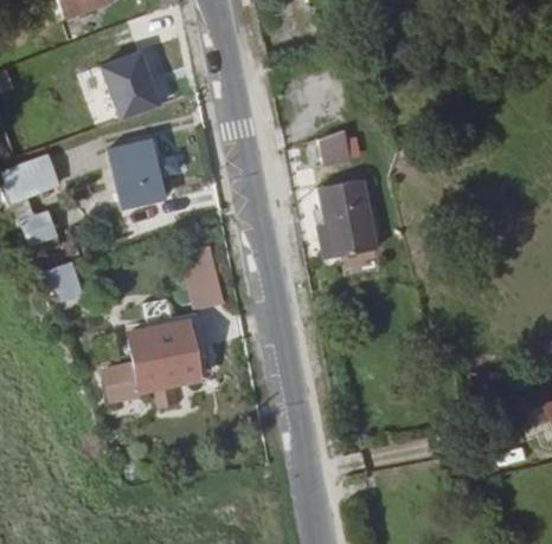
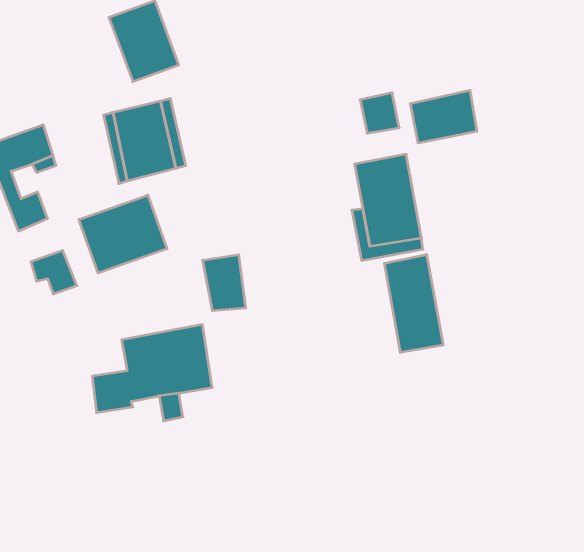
building: none -> [410,90,477,143]
building: none -> [79,195,167,273]
building: none -> [384,254,443,353]

